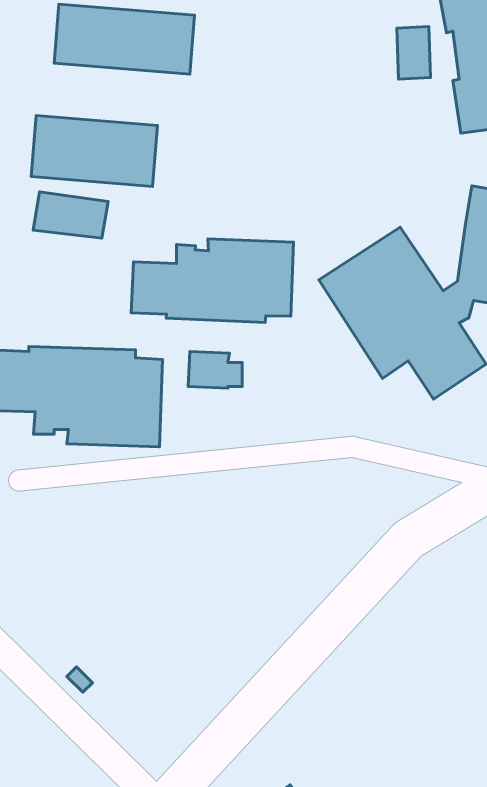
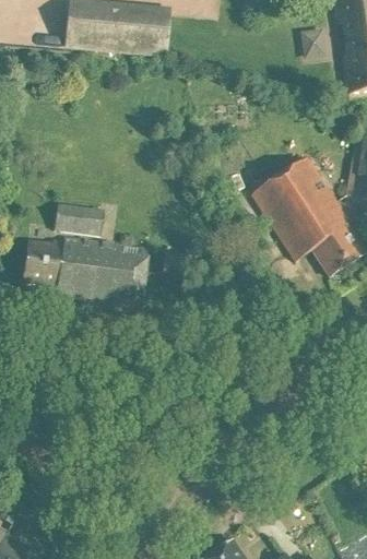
building: [31,115,157,186] -> none
building: [33,192,108,238] -> [48,201,99,233]
building: [131,239,294,322] -> none

